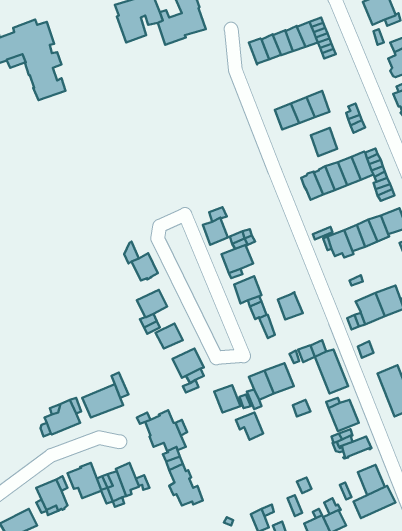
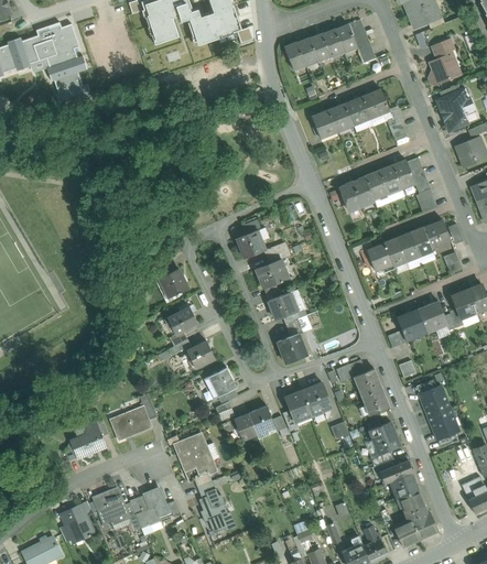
building: [311,128,337,156] -> [361,88,389,118]
building: [278,292,303,320] -> [278,334,304,362]
building: [236,413,263,440] -> [228,412,257,441]
building: none -> [389,471,418,498]

